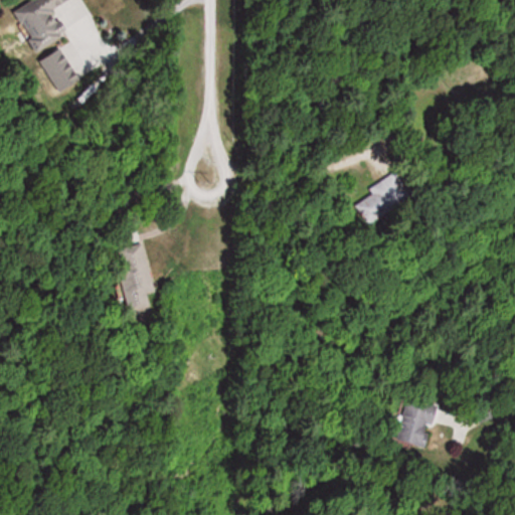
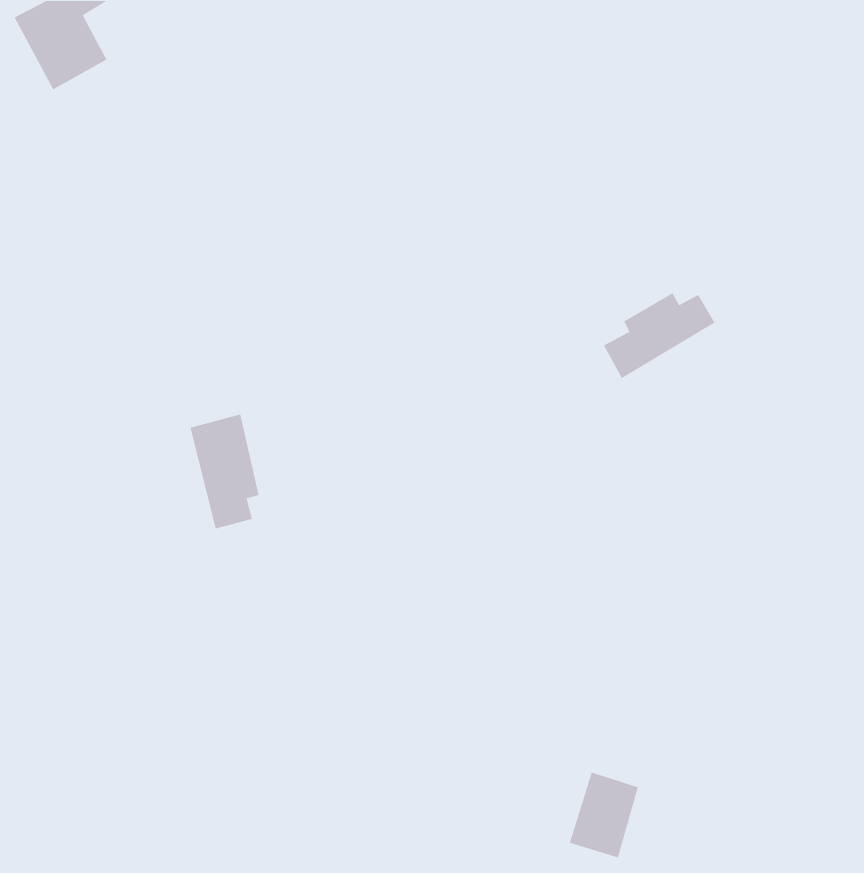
building: [37,48,78,94] -> none
building: [397,396,439,448] -> [569,771,639,859]

